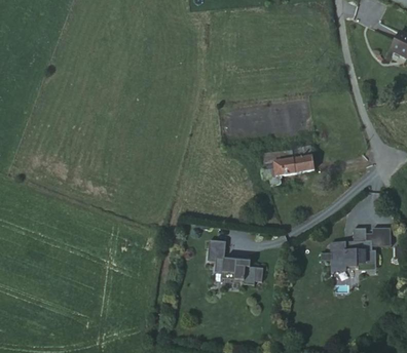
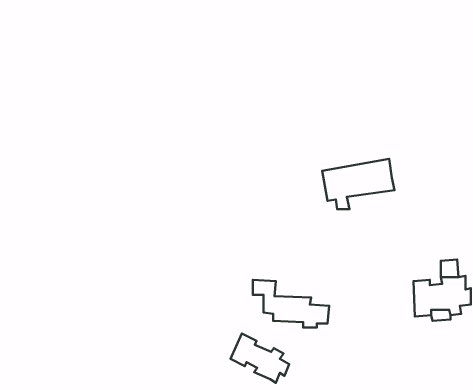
building: none -> [230,334,289,383]

